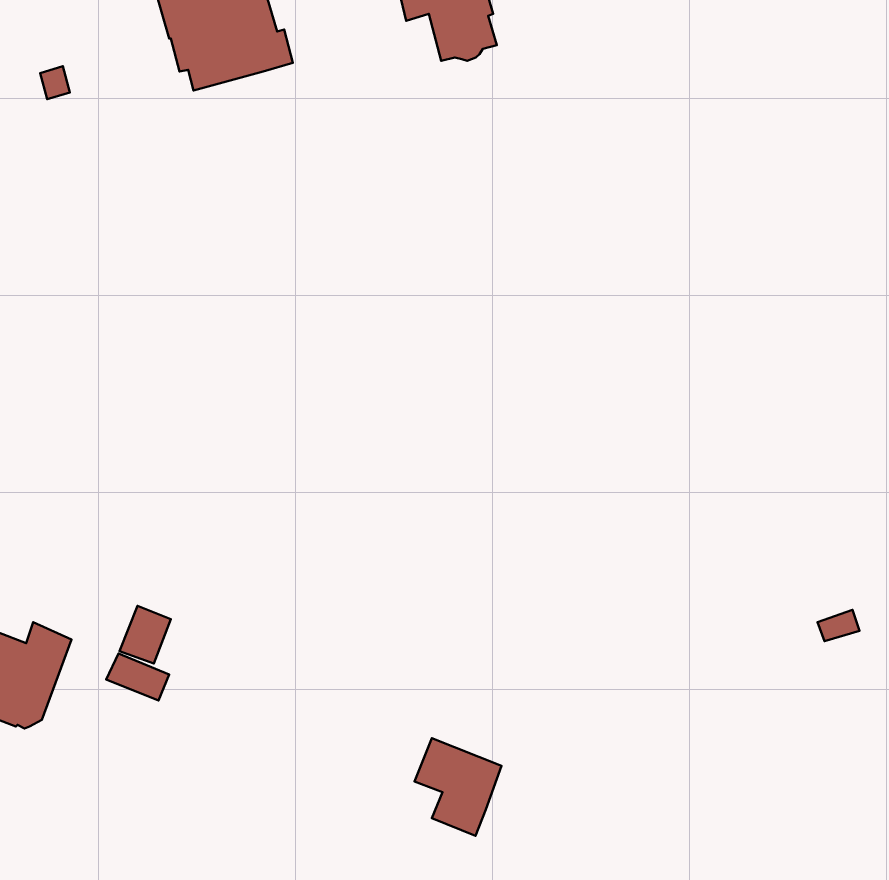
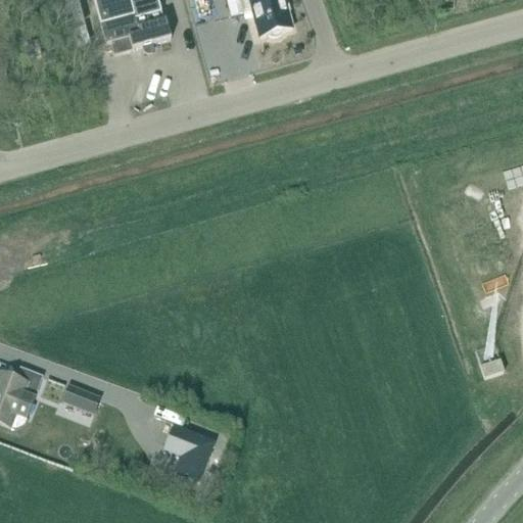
building: [119,606,171,663] -> none
building: [415,738,502,836] -> [163,423,215,480]

